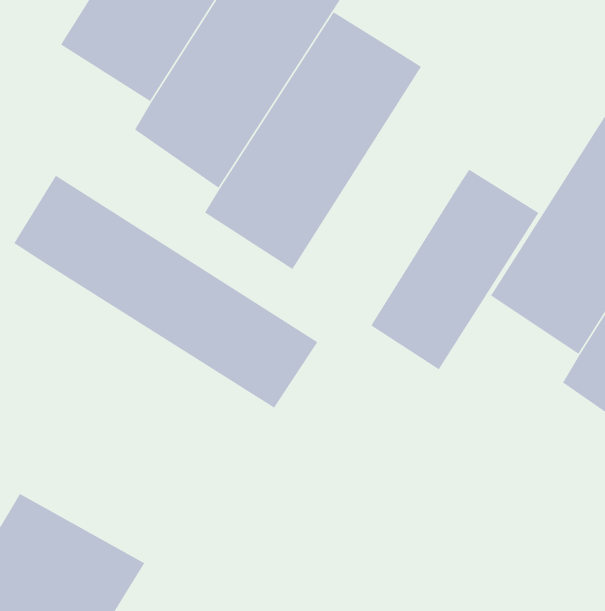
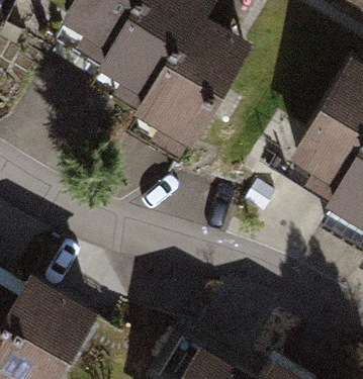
building: [370,169,539,370] -> none
building: [13,175,318,409] -> none

